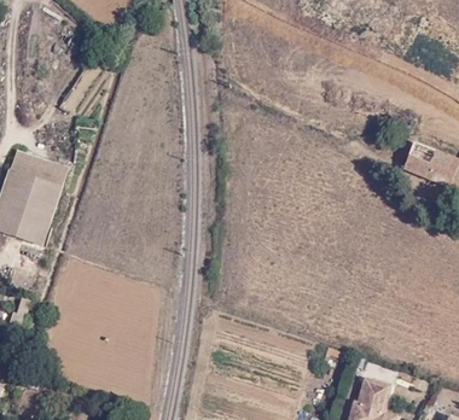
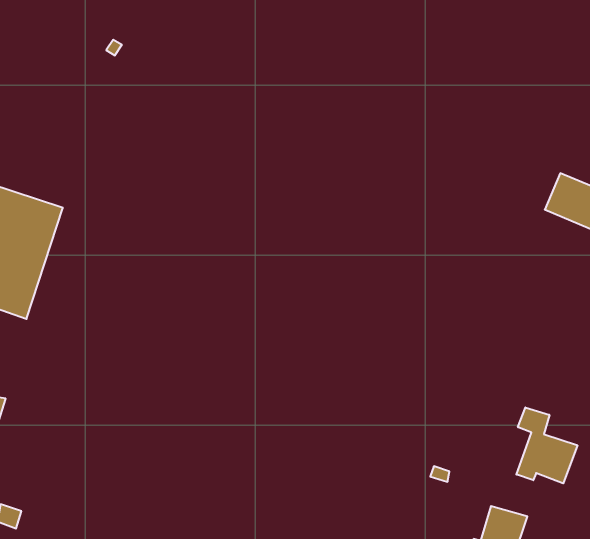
building: none -> [516,407,577,483]

